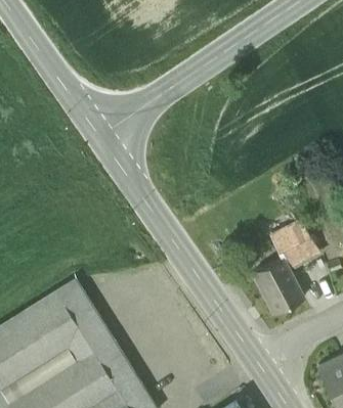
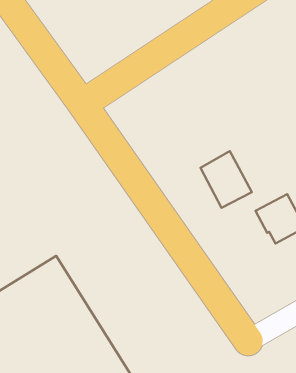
building: [255,259,305,314] -> [200,151,252,208]

